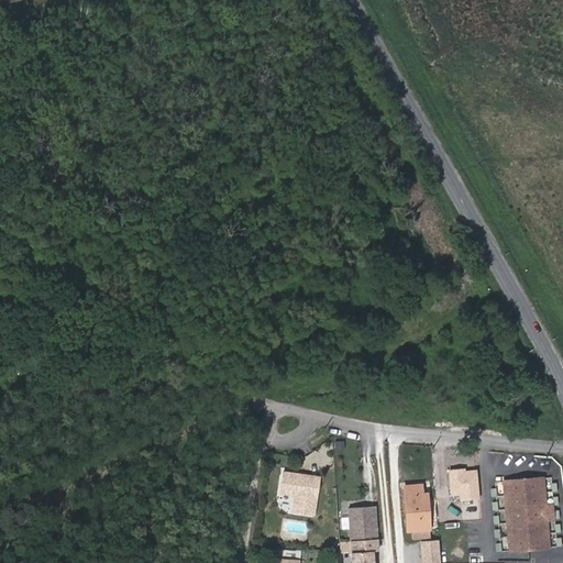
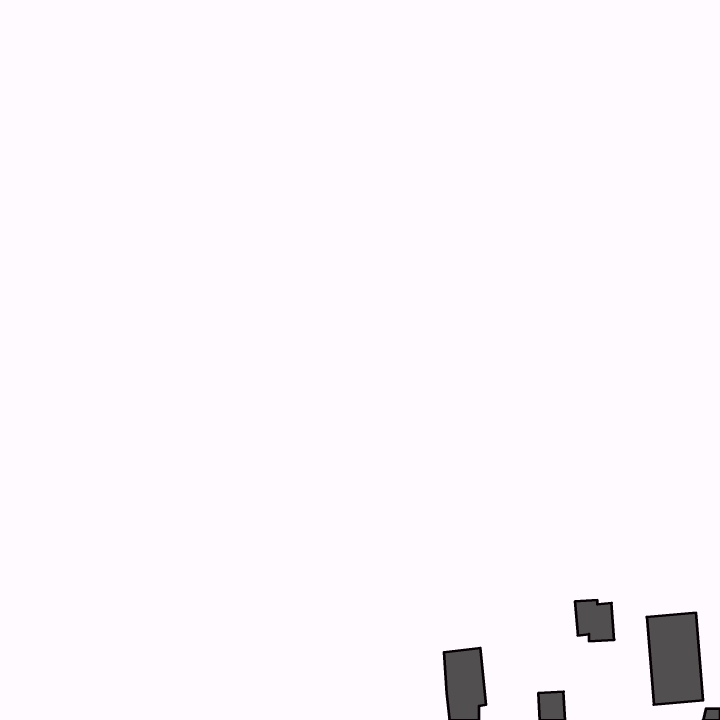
building: [279,471,318,515] -> none
building: [405,486,431,540] -> none

